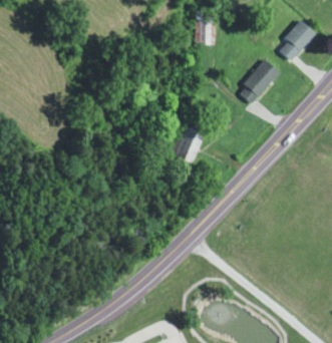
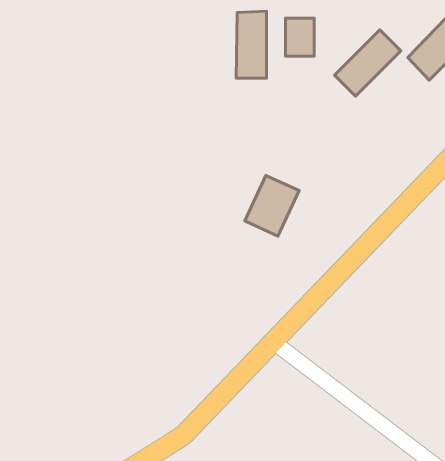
building: none -> [236,11,266,78]
building: [237,59,281,103] -> [334,30,401,96]

